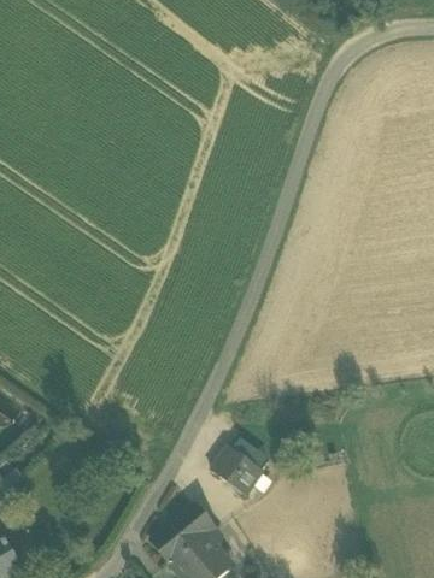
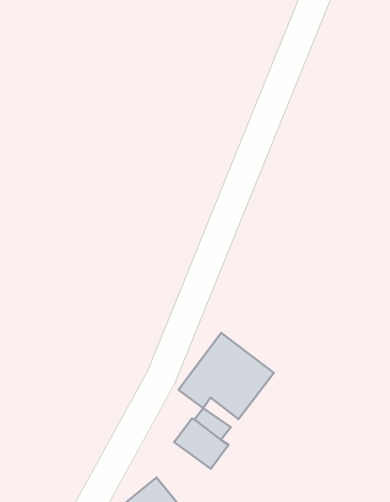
building: none -> [179,333,274,419]

